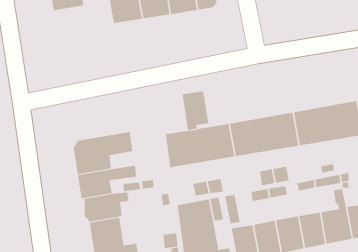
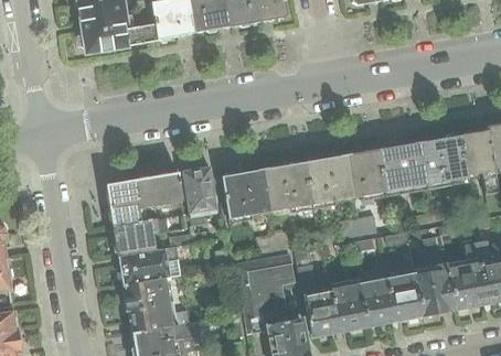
building: none -> [83,15,158,52]
building: [182,91,209,131] -> [183,168,217,217]

